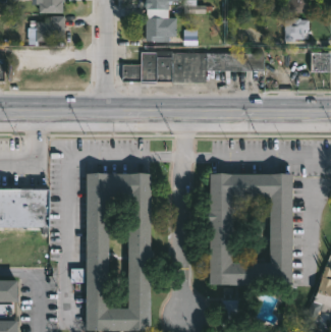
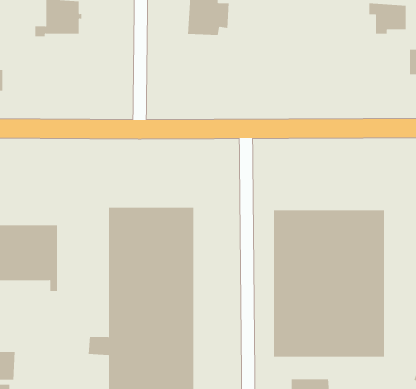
building: [122,53,264,85] -> none

